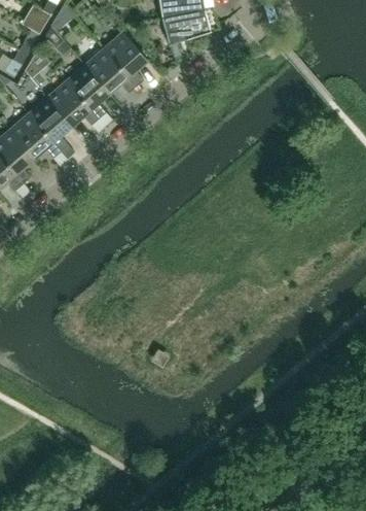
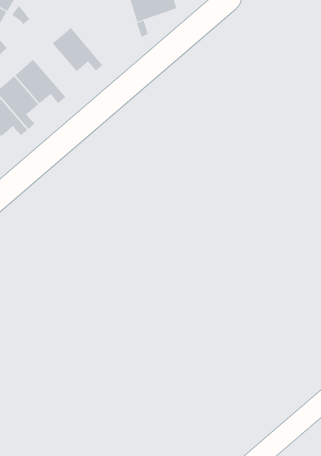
building: [104,32,147,87] -> none
building: [66,65,109,118] -> none

